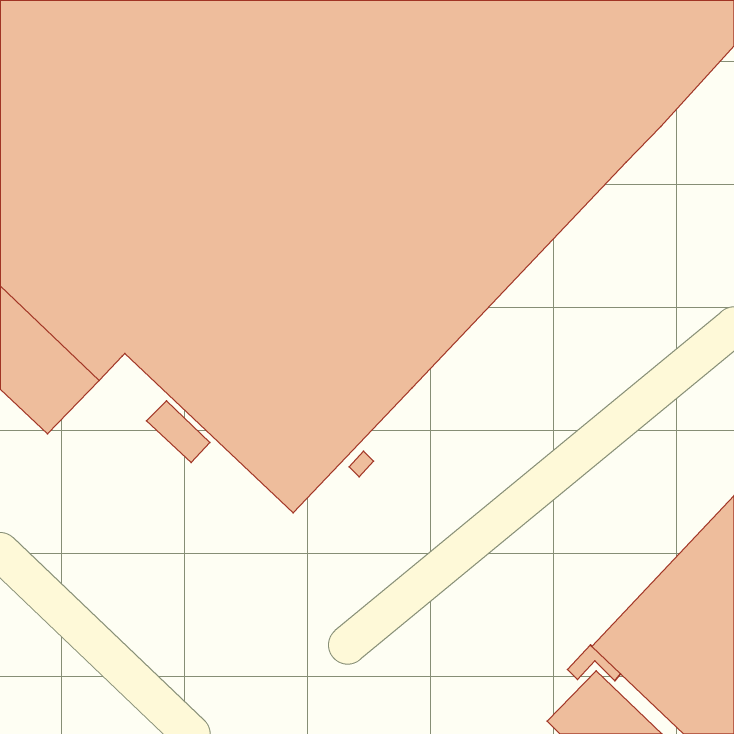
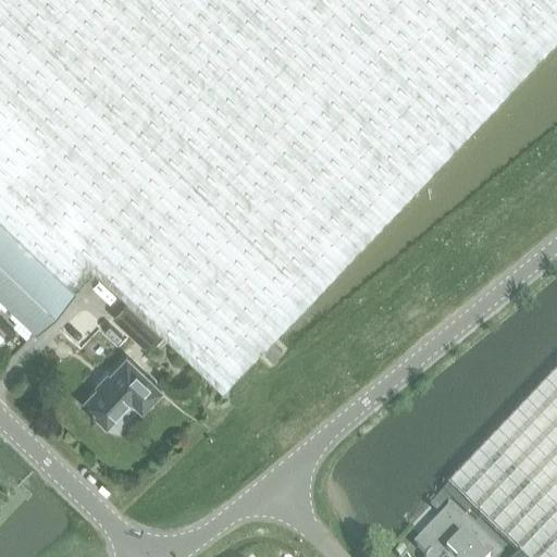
building: none -> [83,356,161,425]

